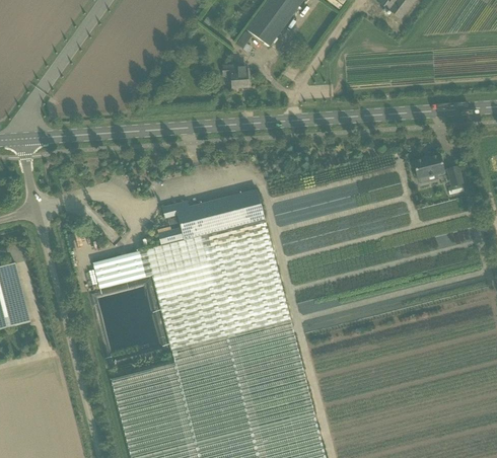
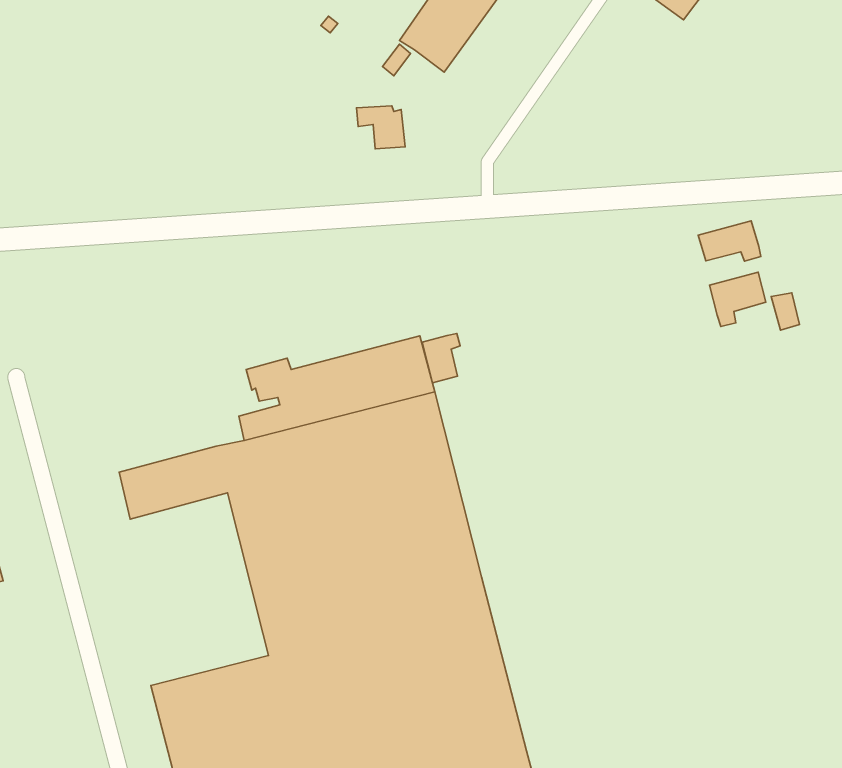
building: none -> [698,221,761,261]
building: none -> [422,334,460,383]

